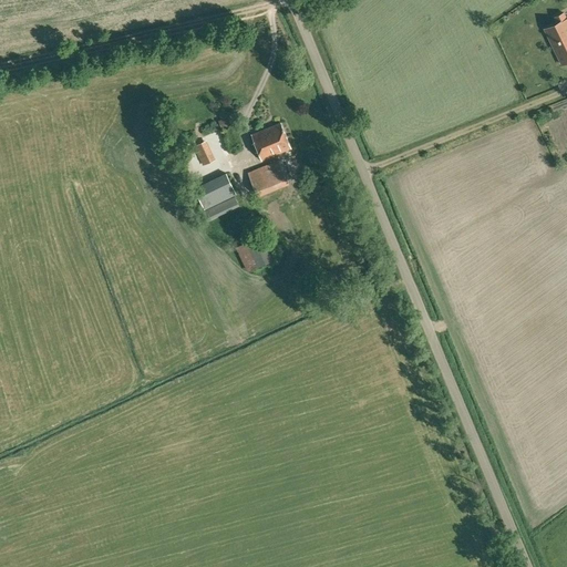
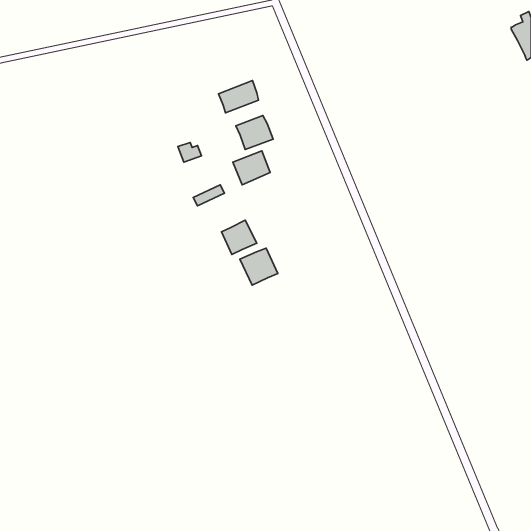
building: none -> [218,80,258,113]
building: [202,174,236,206] -> none
building: none -> [240,248,278,285]

